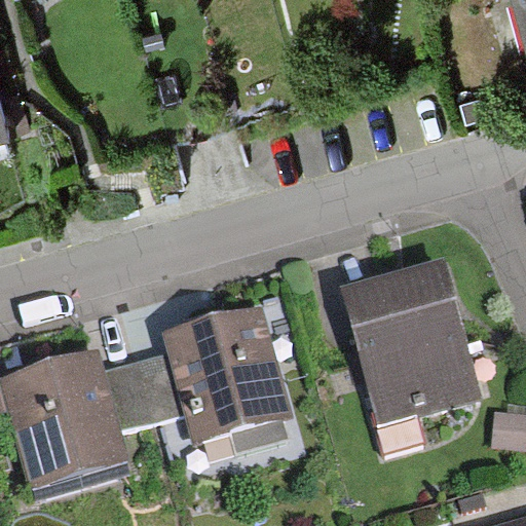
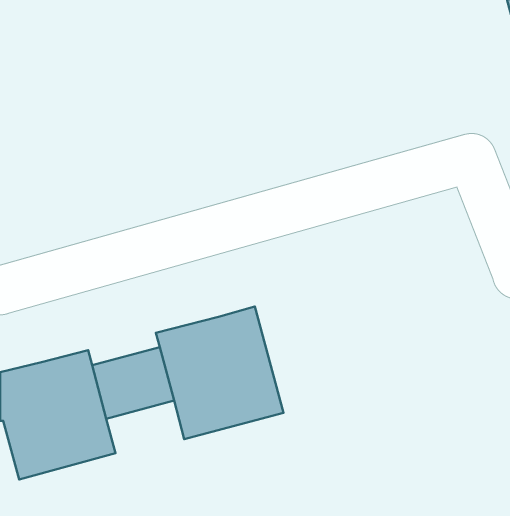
building: [341,265,484,421] -> none

